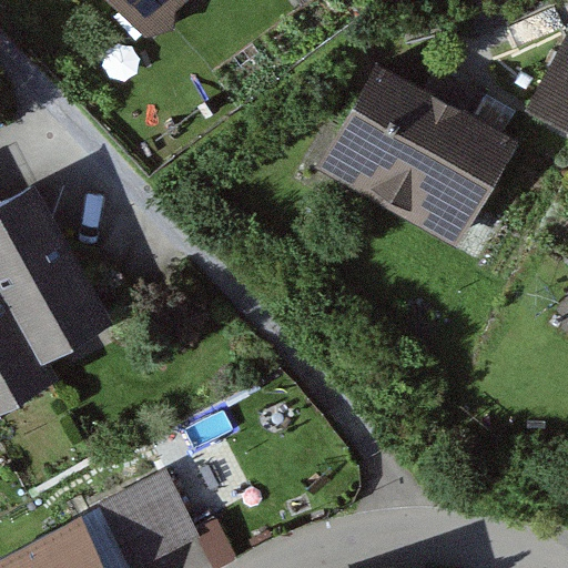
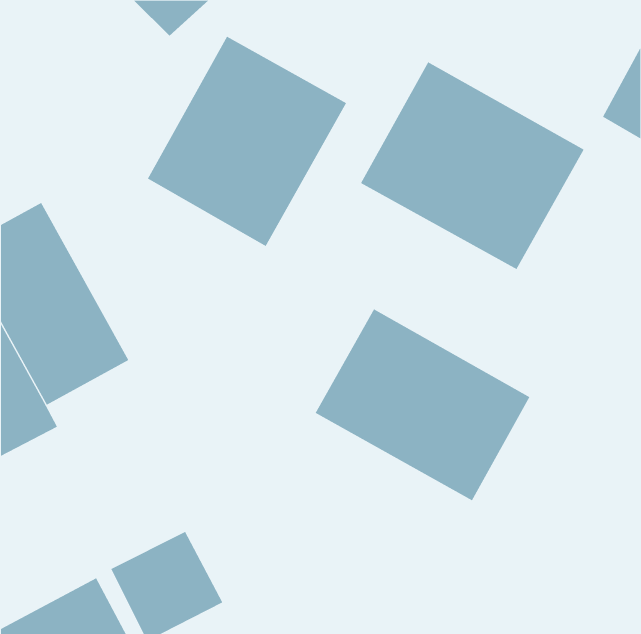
building: none -> [147,36,347,247]
building: none -> [315,308,530,501]

